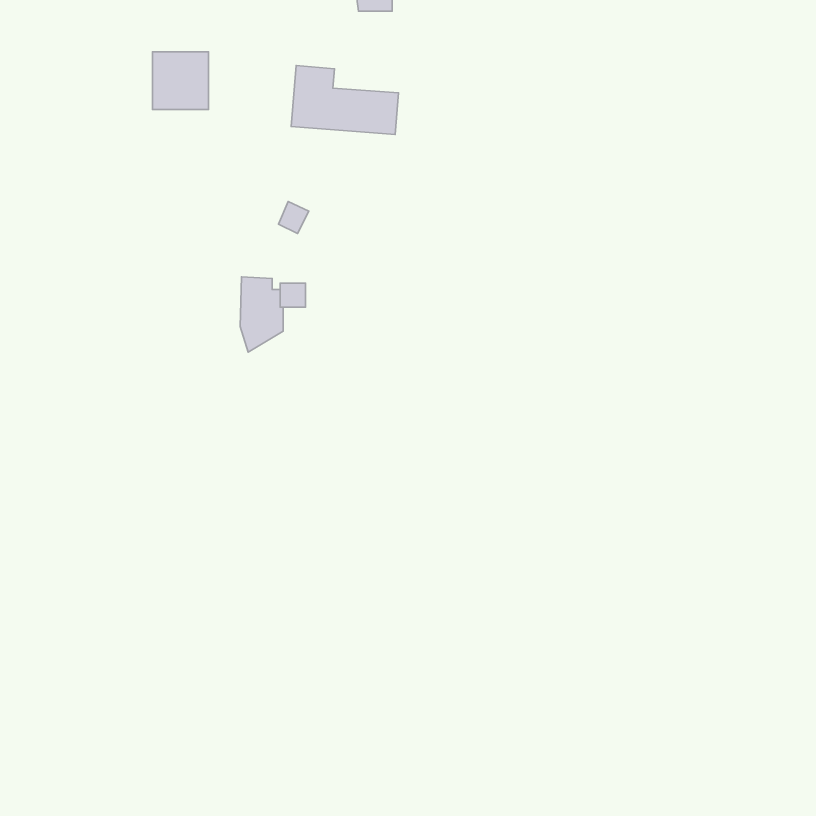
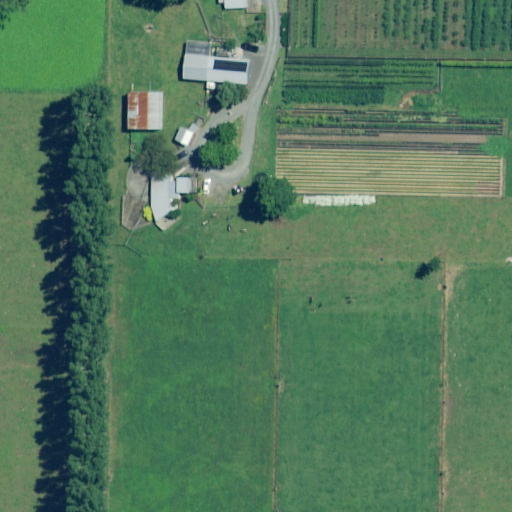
building: [153,52,209,109] -> [127,91,162,127]

